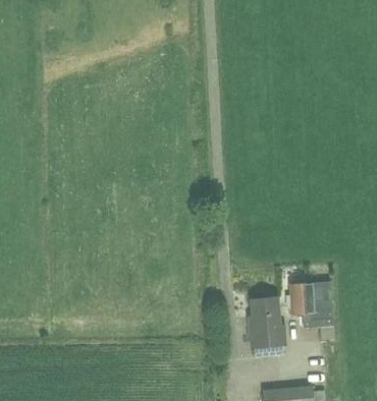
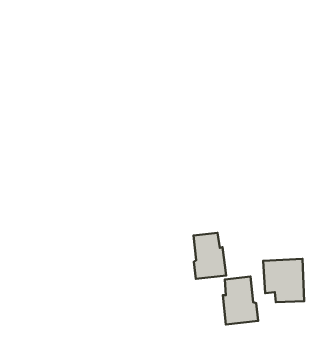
building: none -> [193,233,226,279]

